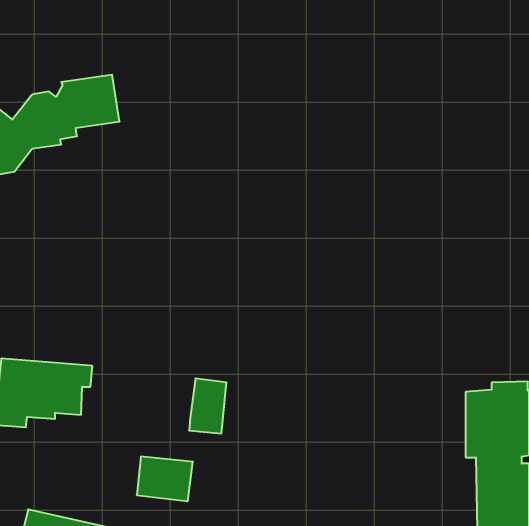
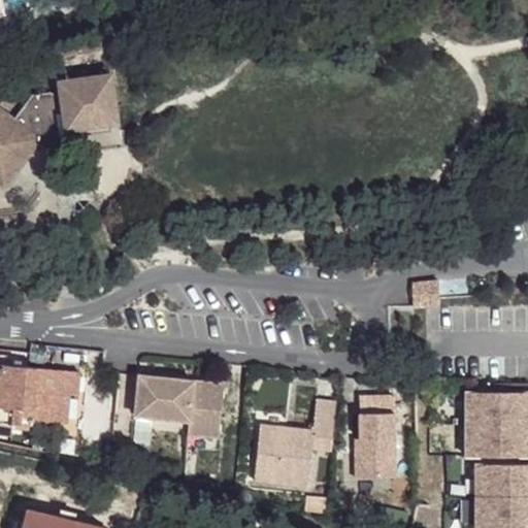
building: none -> [355,399,397,480]
building: none -> [253,401,336,487]
building: [137,457,193,501] -> [138,375,194,420]

